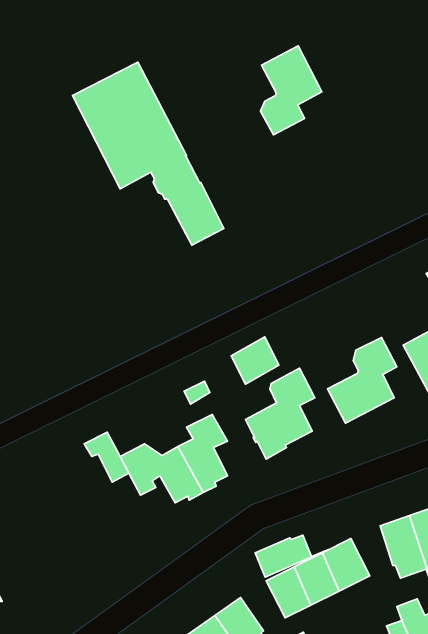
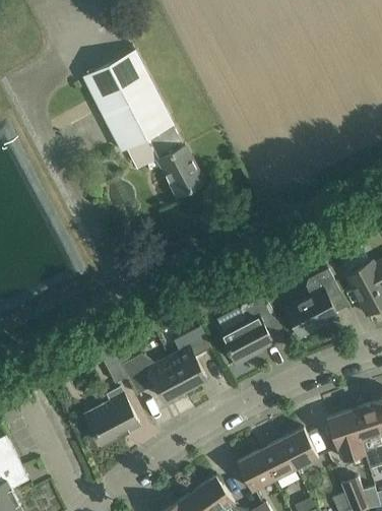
building: [260,46,322,135] -> none
building: [231,337,279,384] -> none
building: none -> [84,388,139,444]
building: [255,535,328,577] -> none

